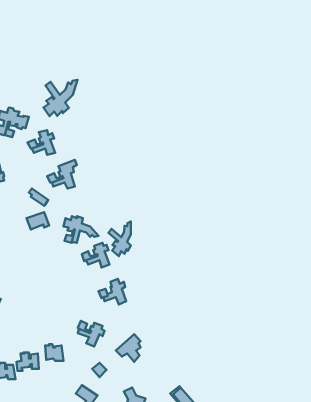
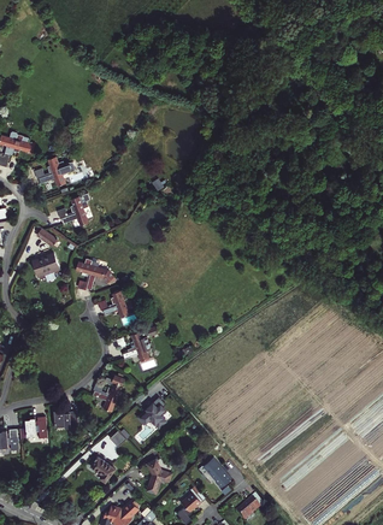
building: [44,80,78,116] -> none
building: [109,222,131,256] -> none

